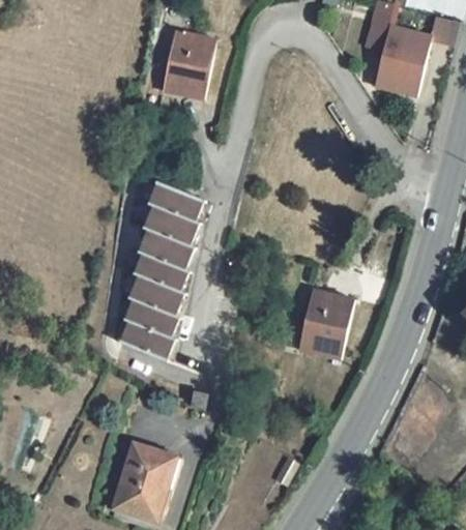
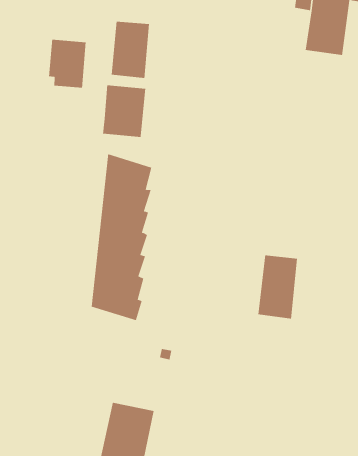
building: none -> [48,39,86,89]
building: none -> [103,85,146,138]

